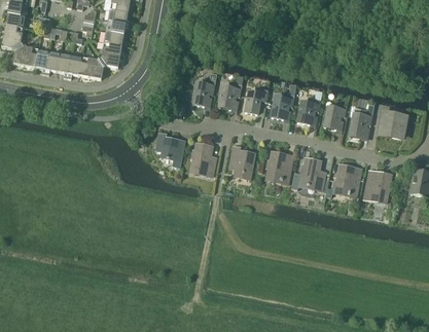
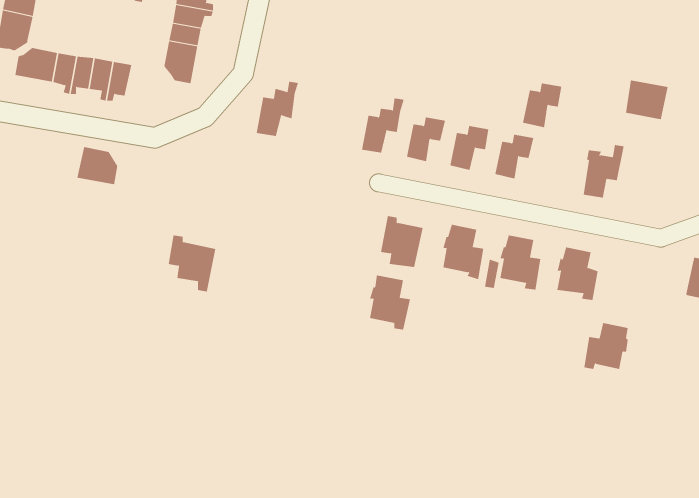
building: [78,56,103,78] -> [77,147,118,185]
building: [191,72,217,105] -> [256,81,299,137]
building: [323,102,347,128] -> [522,83,562,128]
building: [380,113,405,137] -> [625,80,668,120]
building: [155,132,184,165] -> [168,235,216,292]
building: [191,142,216,175] -> [369,275,411,330]
building: [364,171,391,198] -> [583,323,628,369]

